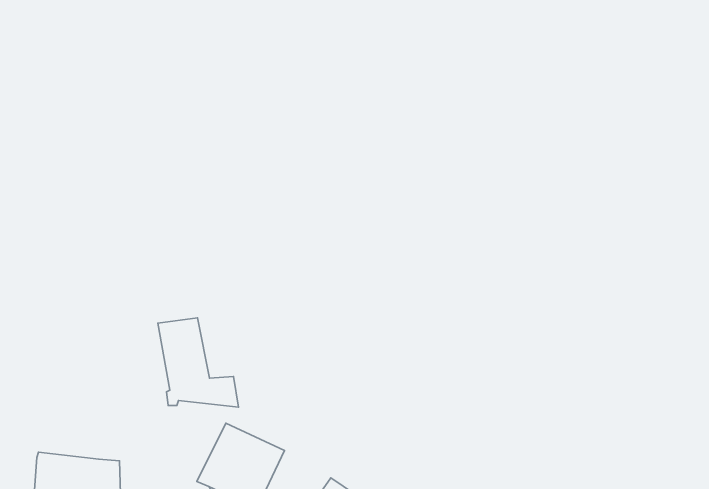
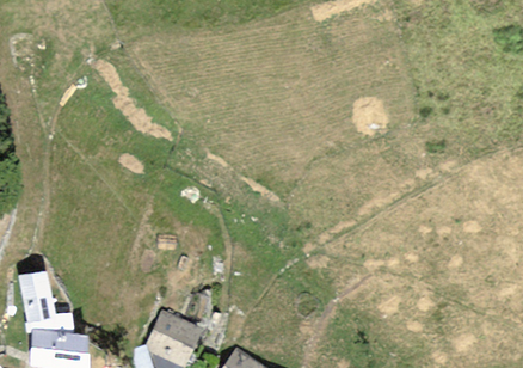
building: [158,318,239,407] -> [18,272,74,335]

